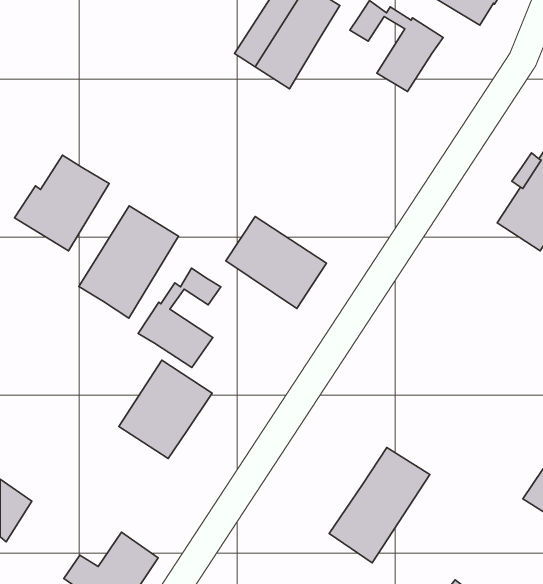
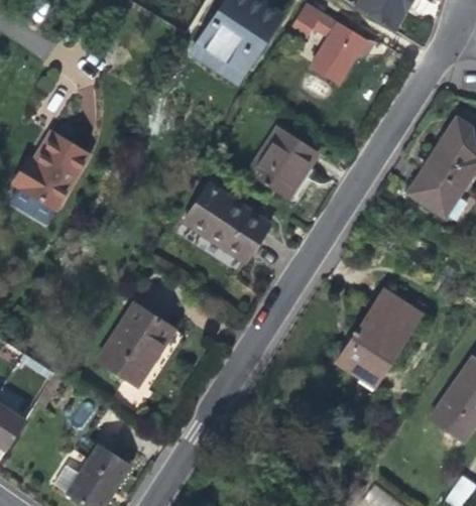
building: none -> [250,129,315,196]
building: [79,206,179,318] -> none
building: [138,268,221,368] -> none
building: [329,448,430,563] -> [337,289,420,384]

